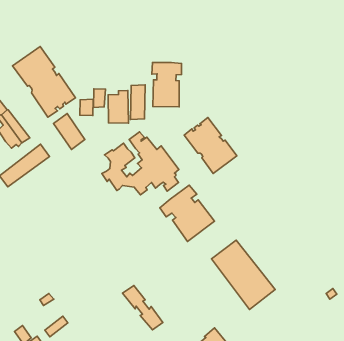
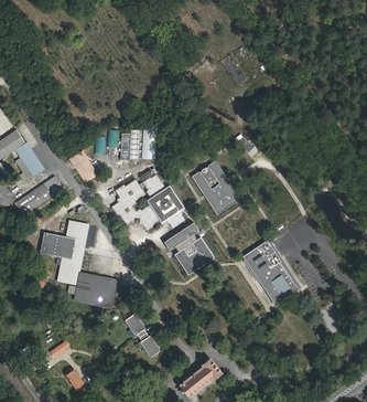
building: [13,47,75,117] -> none
building: [152,62,181,107] -> none
building: none -> [40,219,117,308]
building: [212,240,275,310] -> [241,239,300,305]

